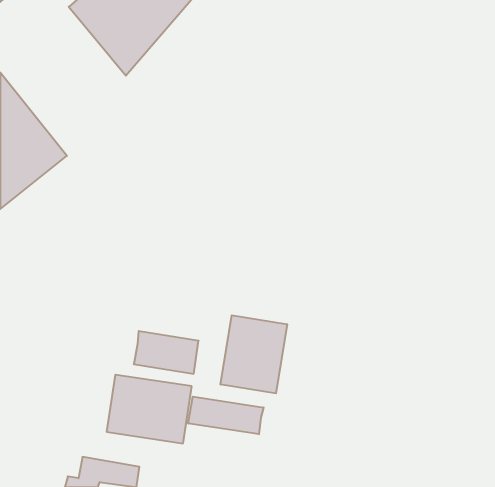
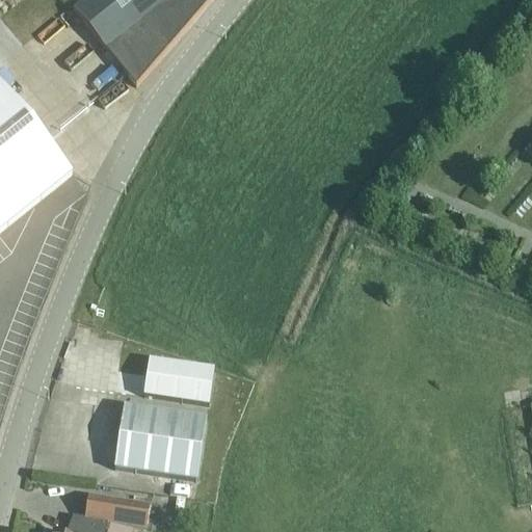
building: [221,315,287,393] -> none
building: [188,397,264,434] -> none

